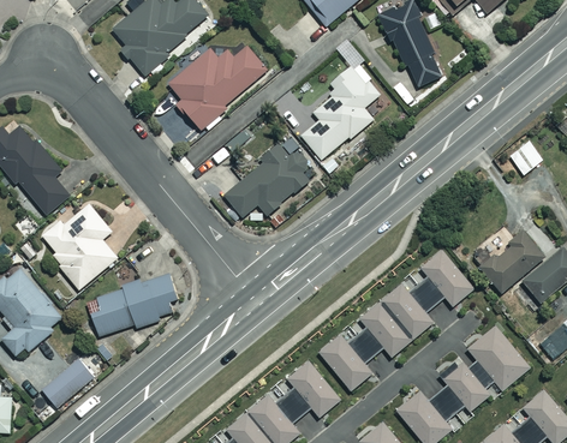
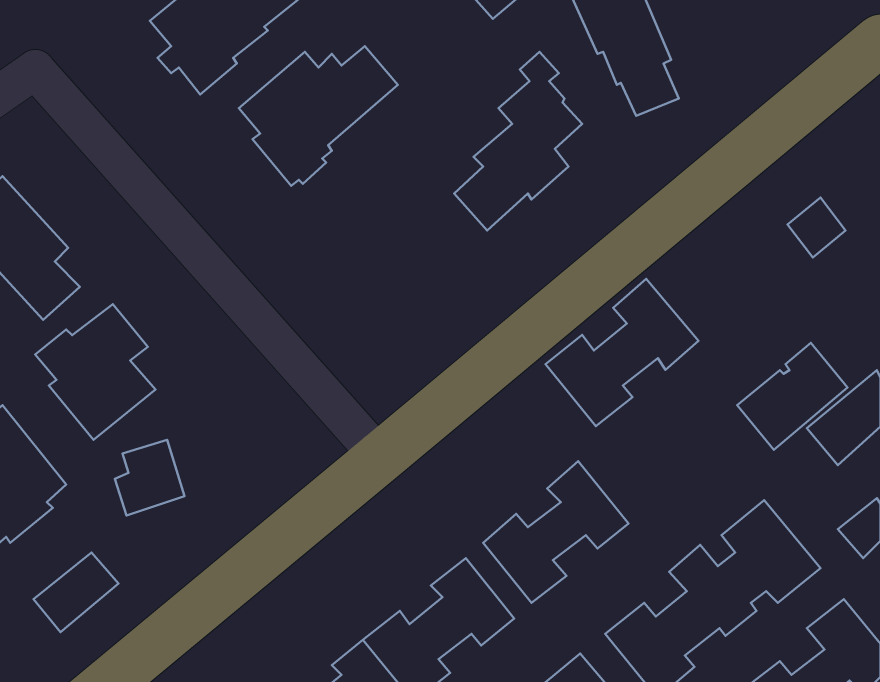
building: [223,143,310,216] -> none
building: [378,249,473,340] -> [545,279,699,426]
building: [123,271,175,330] -> none

